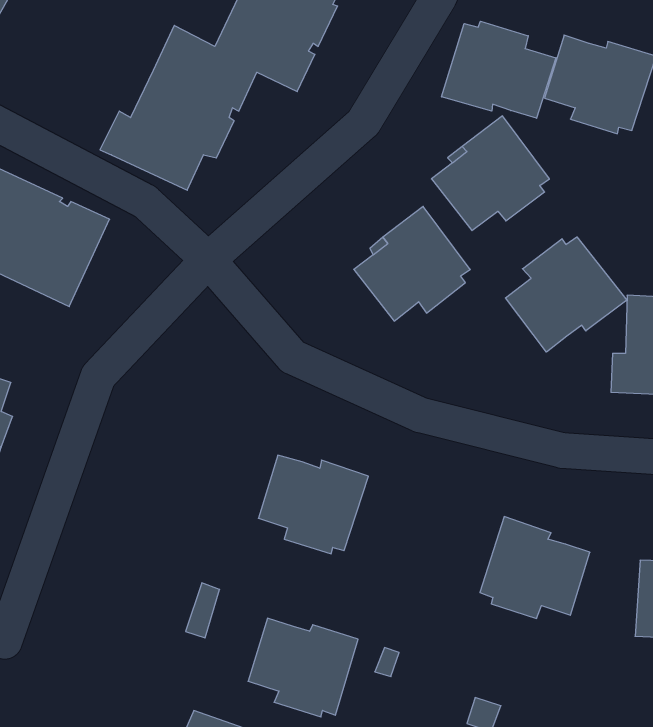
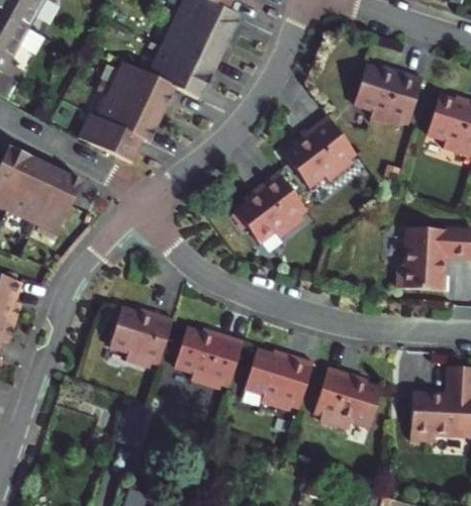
building: [442,21,556,118] -> none
building: [505,237,627,352] -> none
building: none -> [110,307,175,367]
building: [248,618,358,717] -> [246,348,314,410]

